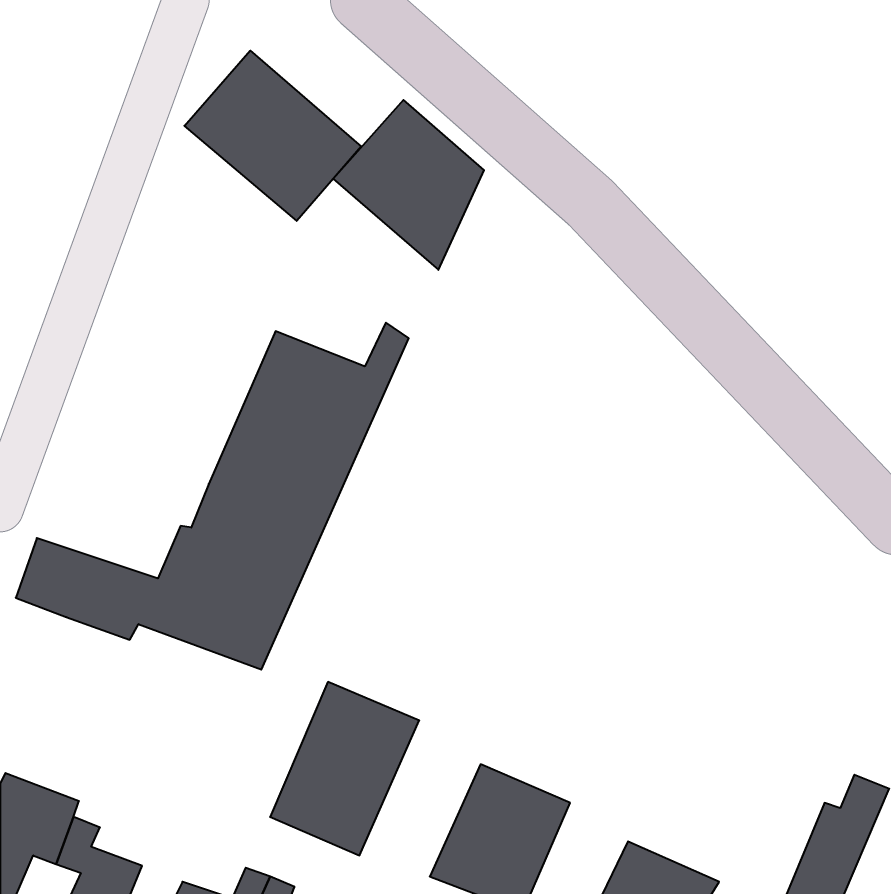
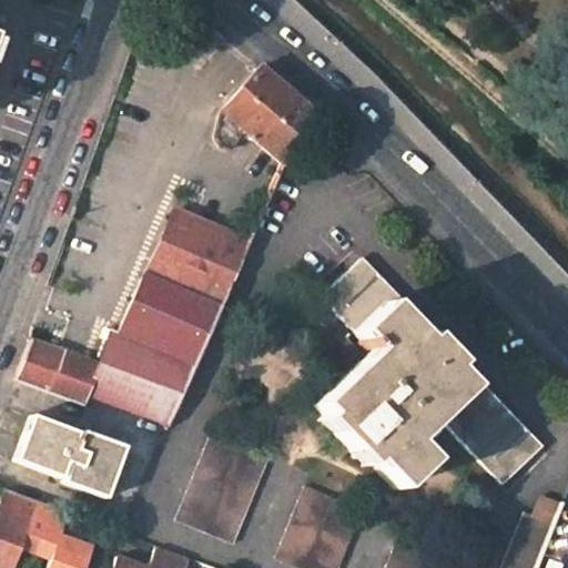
building: [184,51,361,221] -> none
building: none -> [317,255,546,488]
building: none -> [13,416,122,496]

